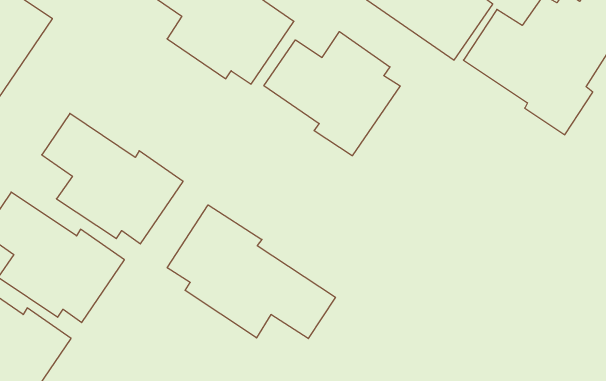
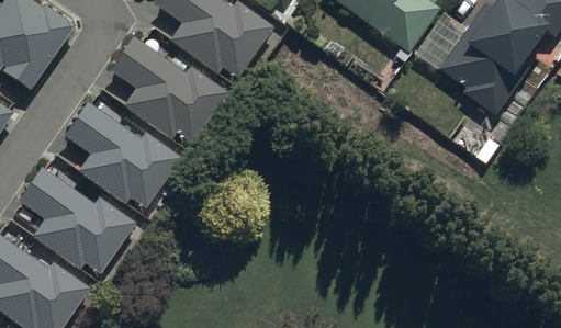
building: none -> [111,33,227,140]
building: [264,32,400,156] -> none
building: [167,205,335,339] -> none

